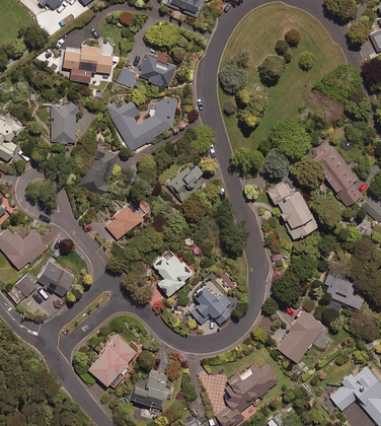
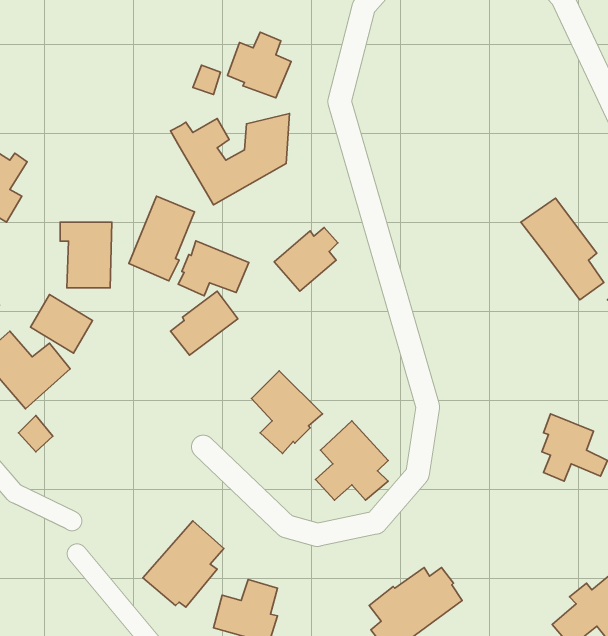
building: [65,45,115,81] -> none
building: [48,103,78,142] -> [60,222,112,288]
building: none -> [178,241,249,296]
building: [265,180,318,241] -> none
building: [36,259,73,293] -> [30,294,93,353]
building: [276,311,323,363] -> none

